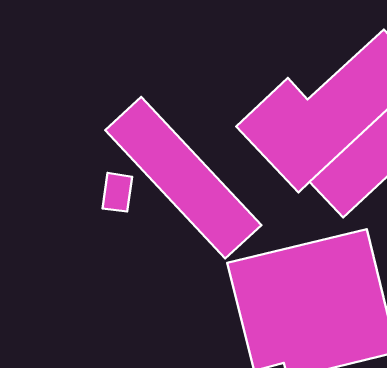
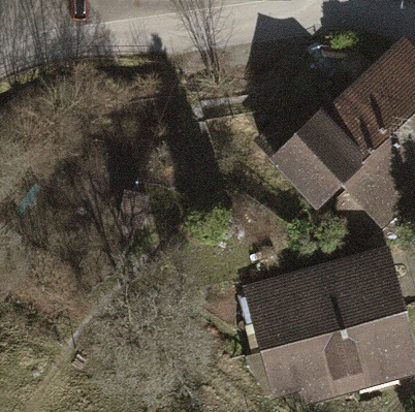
building: [105,97,261,258] -> none

